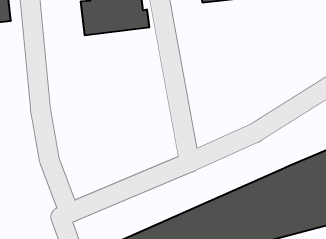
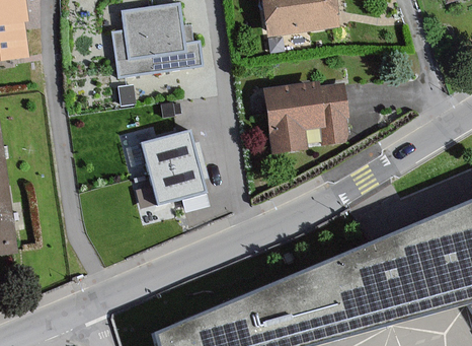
building: none -> [267,84,349,151]
building: none -> [127,130,204,204]

